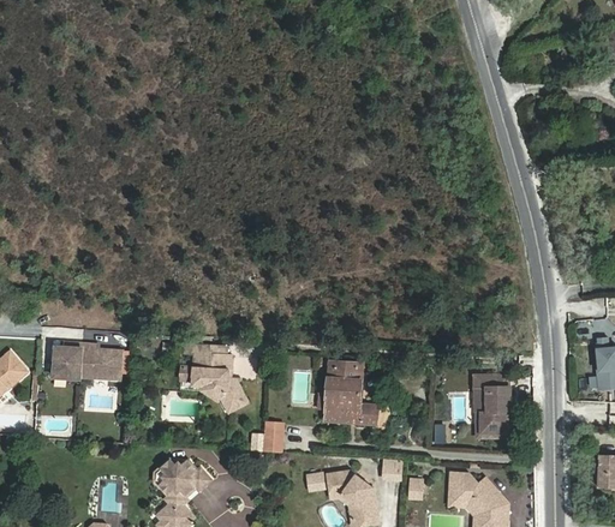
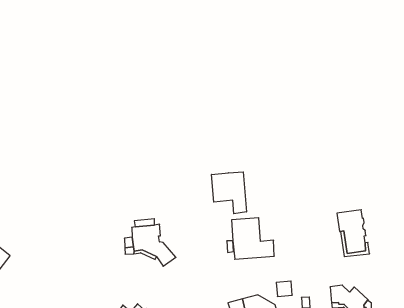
building: none -> [212,172,246,214]
building: [52,343,119,379] -> none
building: [263,421,283,453] -> none

